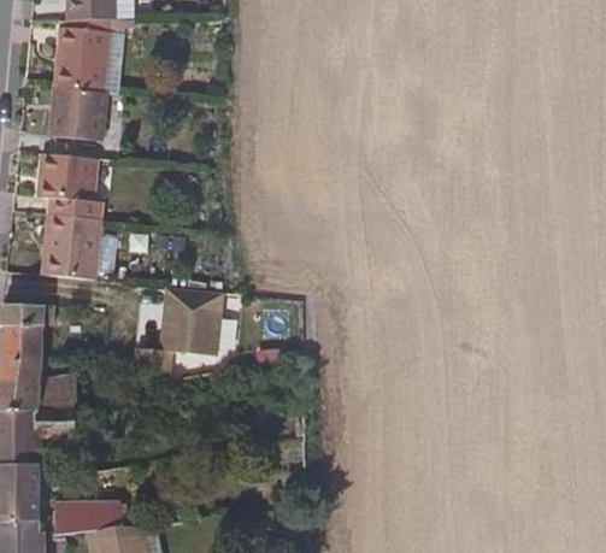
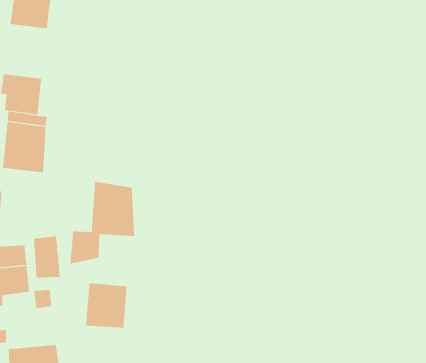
building: [47,84,105,142] -> none
building: none -> [34,236,60,279]
building: none -> [85,283,127,328]

